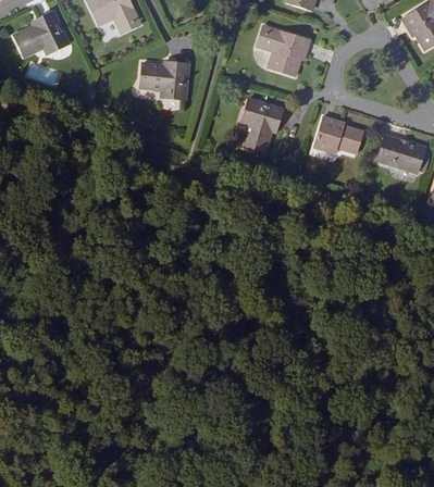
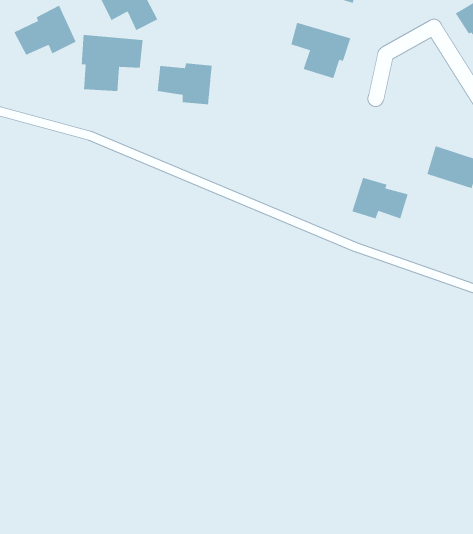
building: none -> [81,34,143,92]
building: [241,99,283,152] -> none
building: [313,116,363,153] -> [352,177,408,219]

